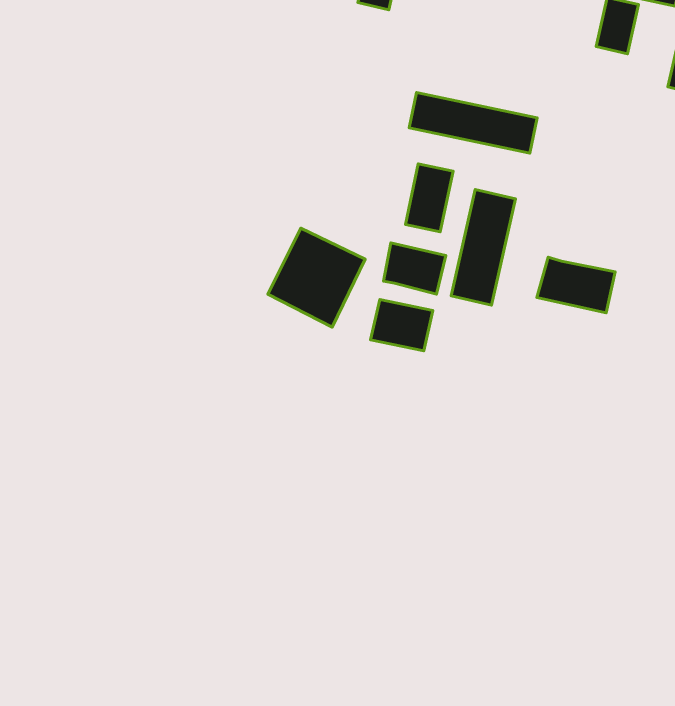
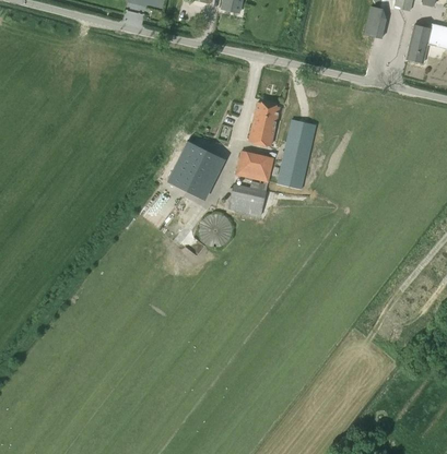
building: [409,92,537,153] -> none
building: [537,257,615,313] -> none
building: none -> [198,213,232,247]

